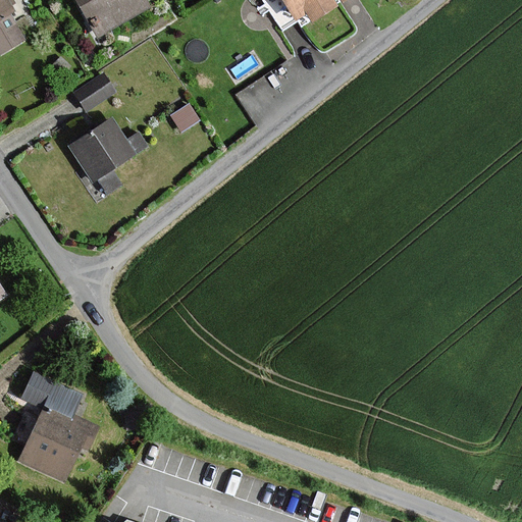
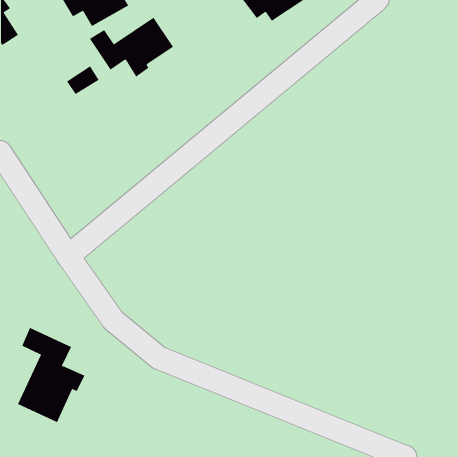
building: none -> [89,17,174,77]
building: [70,119,133,179] -> none

